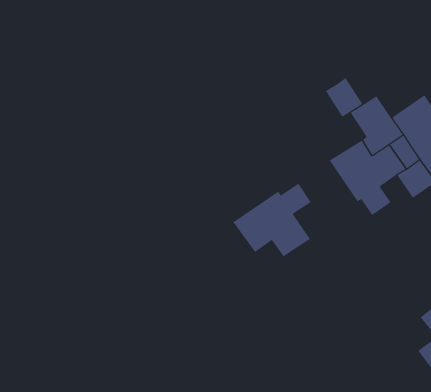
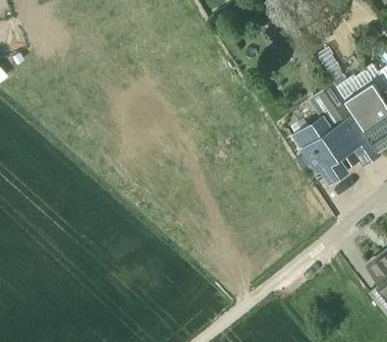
building: [325,77,363,117] -> none
building: [233,183,311,257] -> none

